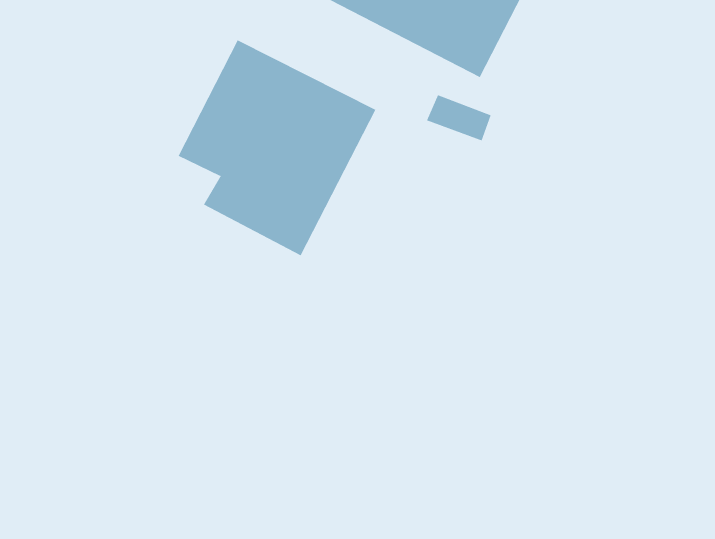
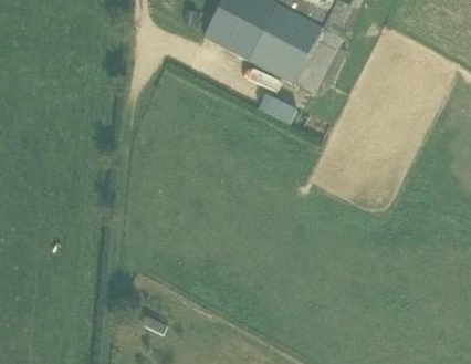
building: [178,39,376,256] -> none

